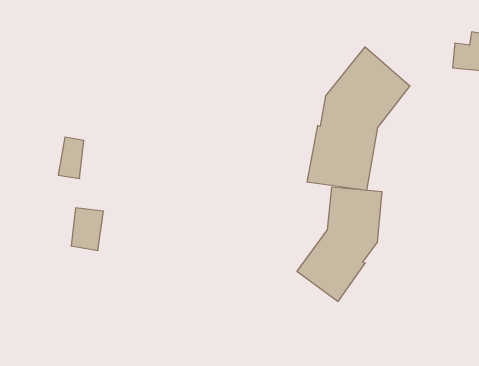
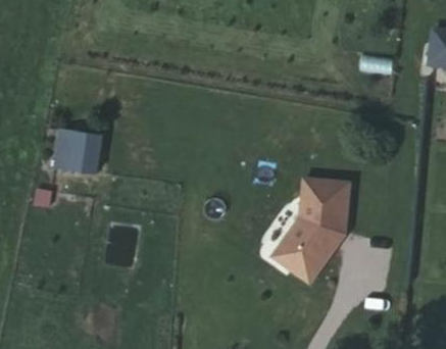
building: [307,47,410,190] -> none
building: [71,208,104,250] -> [73,134,103,172]

